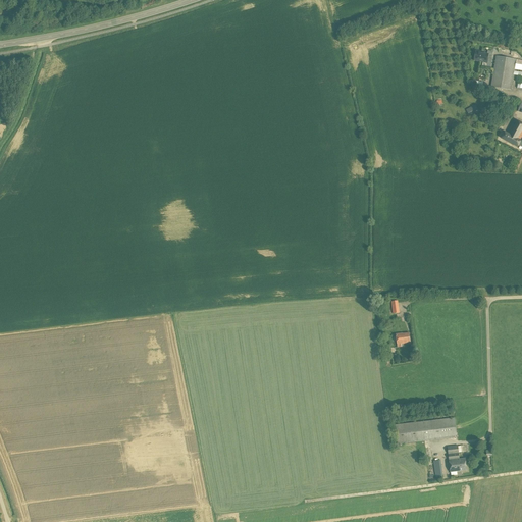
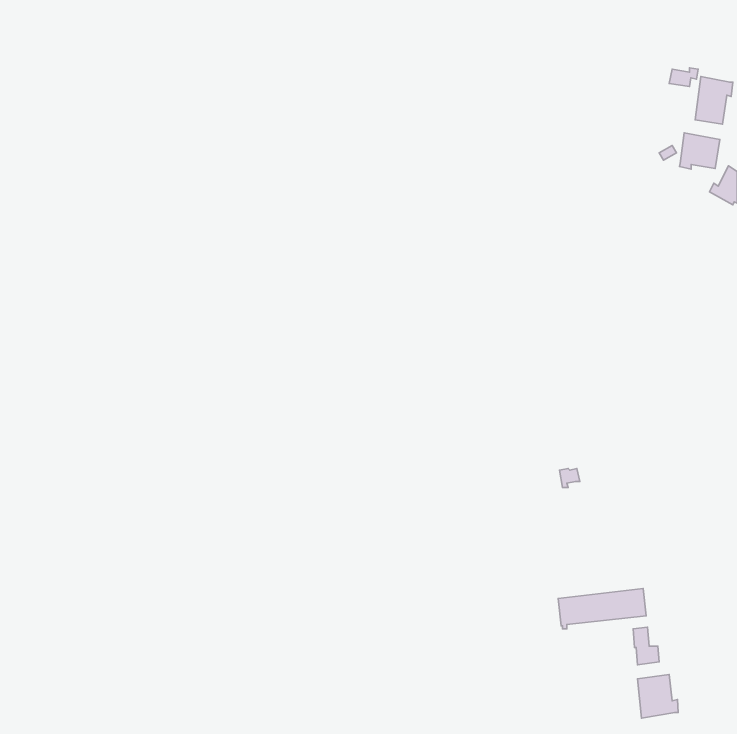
building: none -> [679,133,720,169]
building: none -> [637,675,678,718]

